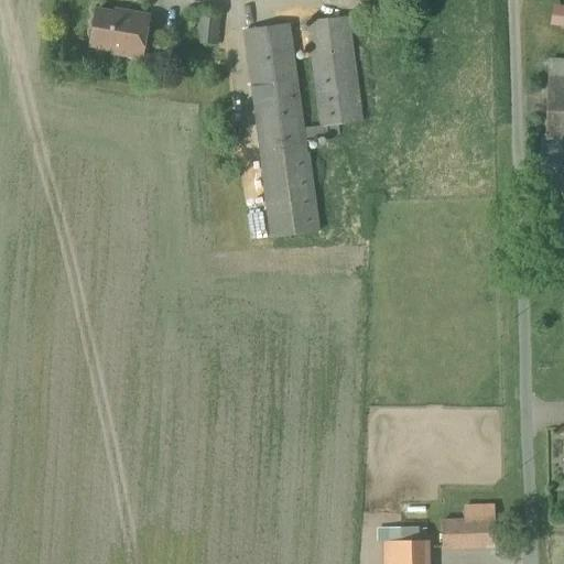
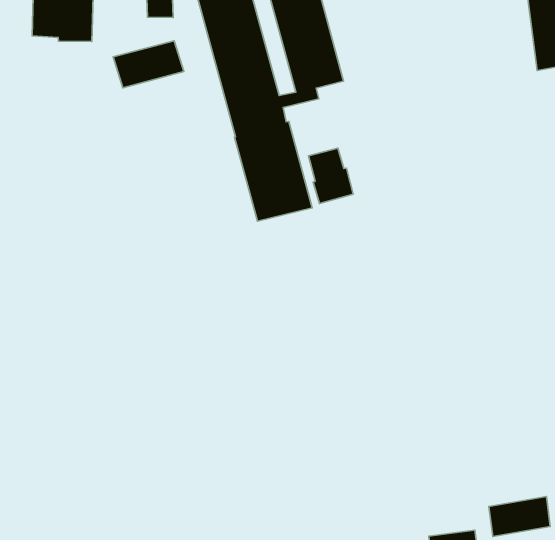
building: none -> [113,41,184,88]
building: none -> [309,148,353,203]

